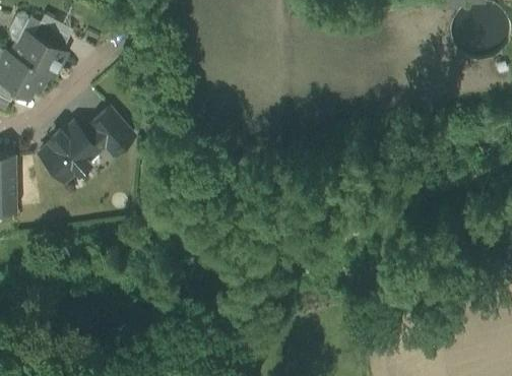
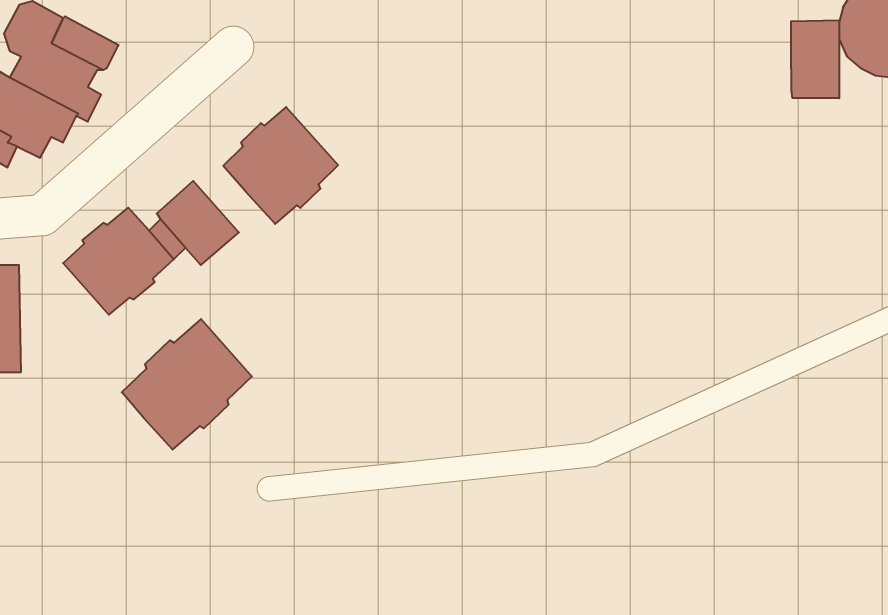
building: none -> [791,20,839,98]
building: none -> [223,107,338,224]
building: none -> [122,319,252,450]

